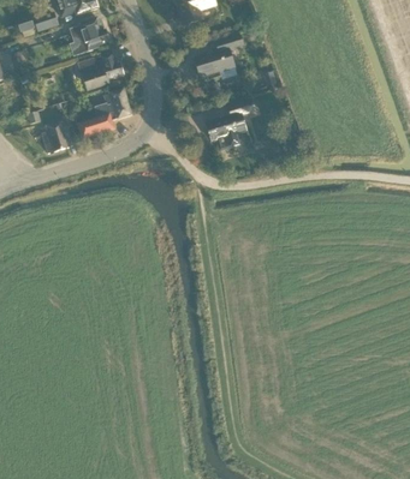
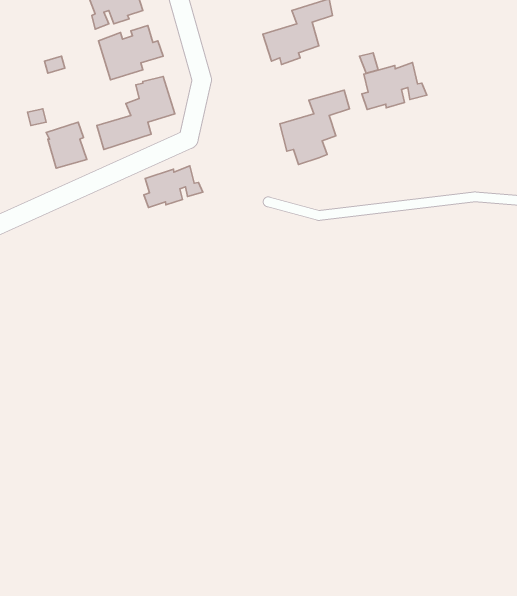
building: none -> [362,62,427,110]
building: none -> [144,166,203,207]

